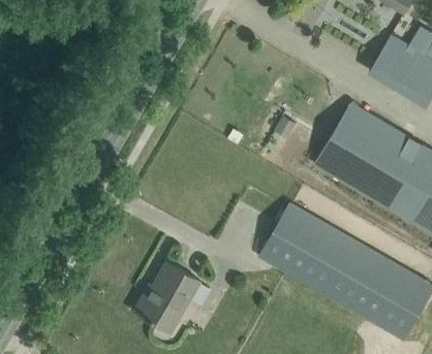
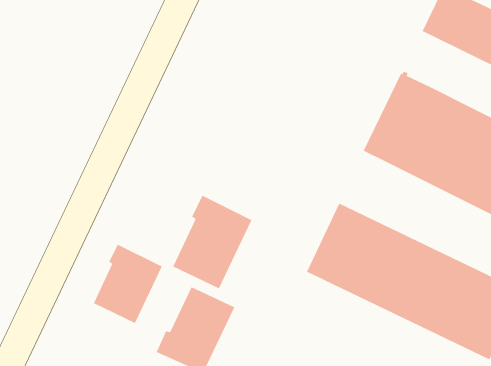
building: none -> [173,195,252,289]
building: none -> [93,244,162,324]

